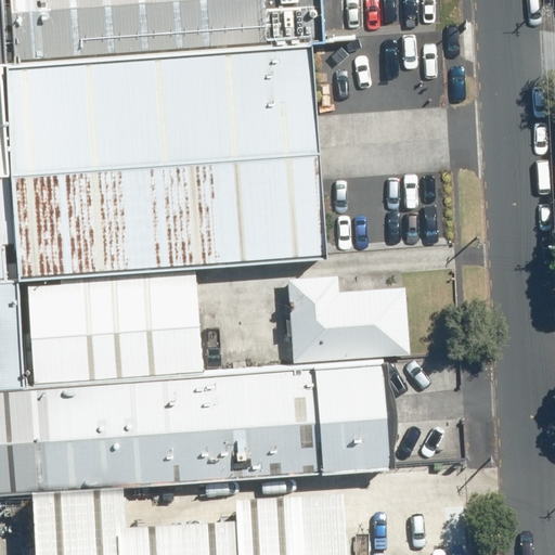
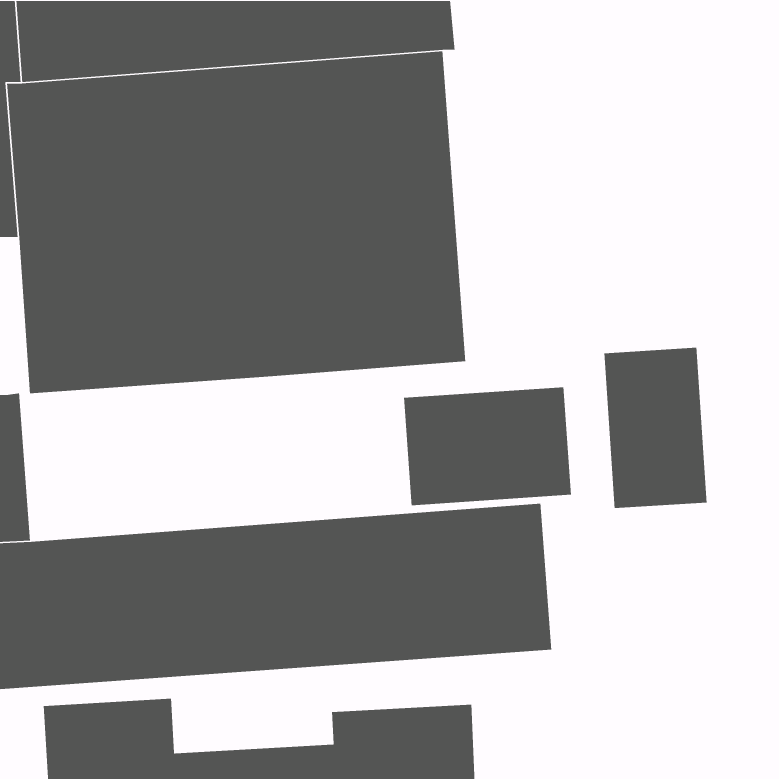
building: none -> [604,347,708,509]
building: [21,270,197,380] -> none

